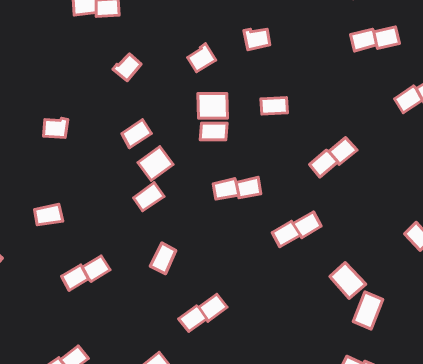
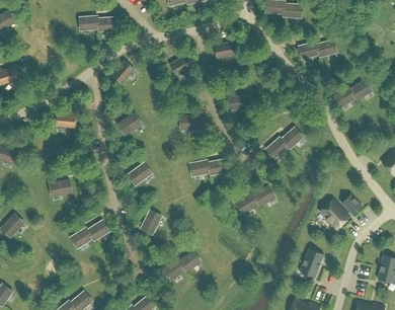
building: [198,94,228,118] -> none
building: [138,147,173,180] -> none
building: [330,262,366,298] -> [321,200,349,228]

